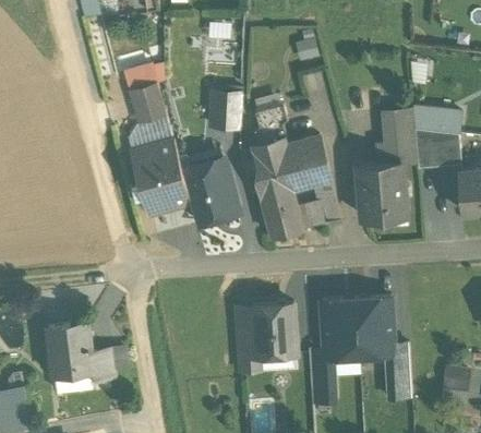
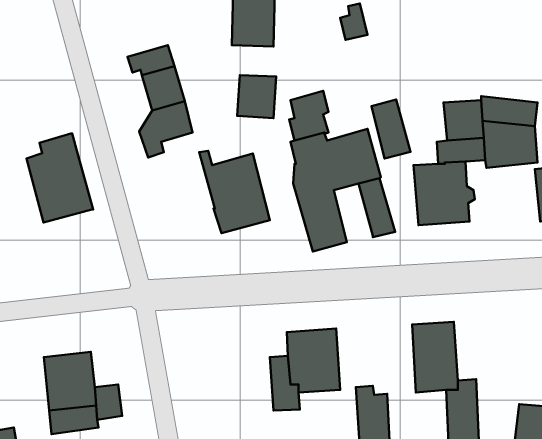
building: [135,139,191,213] -> [26,134,93,222]
building: [290,181,323,230] -> [371,100,411,158]
building: [321,299,359,358] -> none

